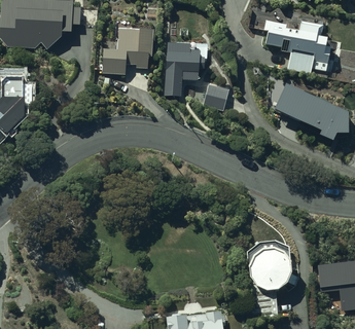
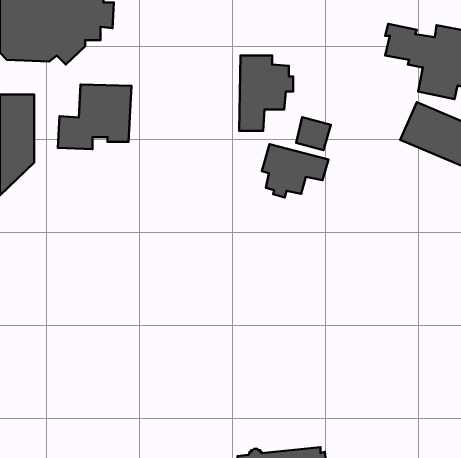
building: [102,29,152,73] -> [58,84,132,149]
building: none -> [262,144,328,197]
building: [250,248,292,289] -> none

